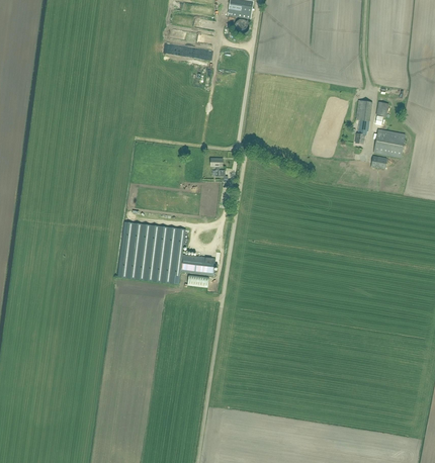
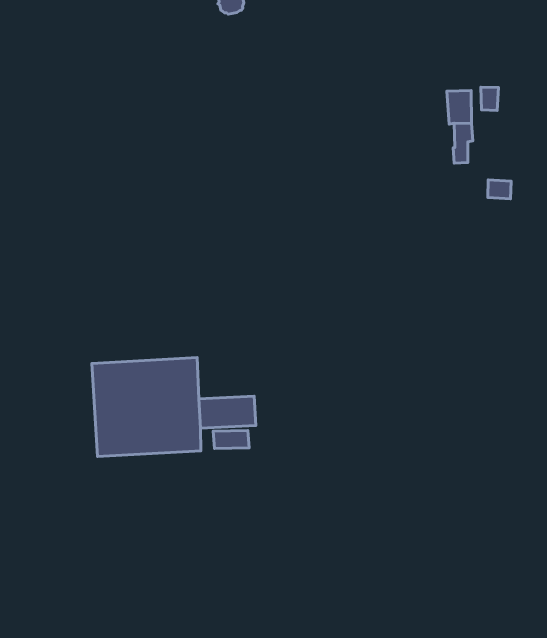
building: [373,128,405,157] -> none

